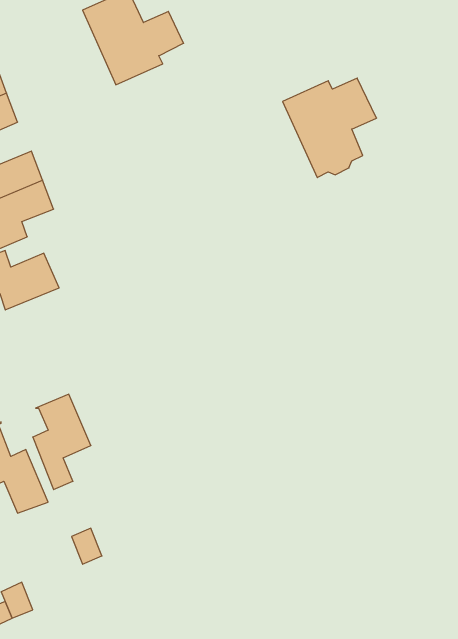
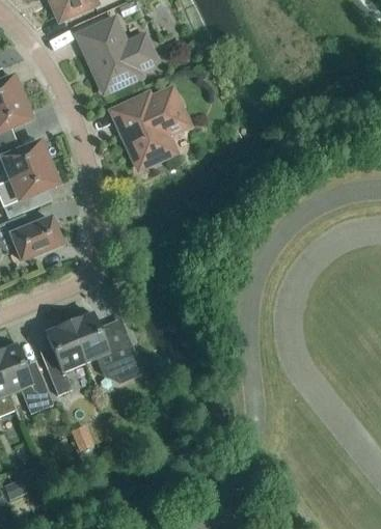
building: [283,78,377,178] -> [113,92,184,167]
building: none -> [69,312,149,380]

